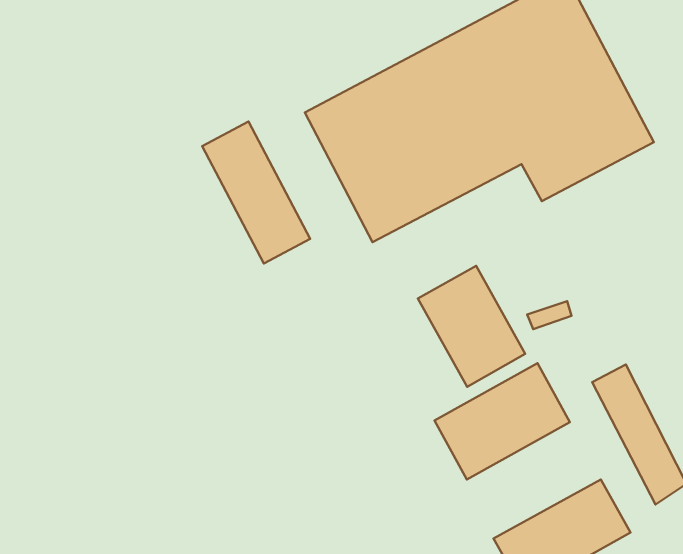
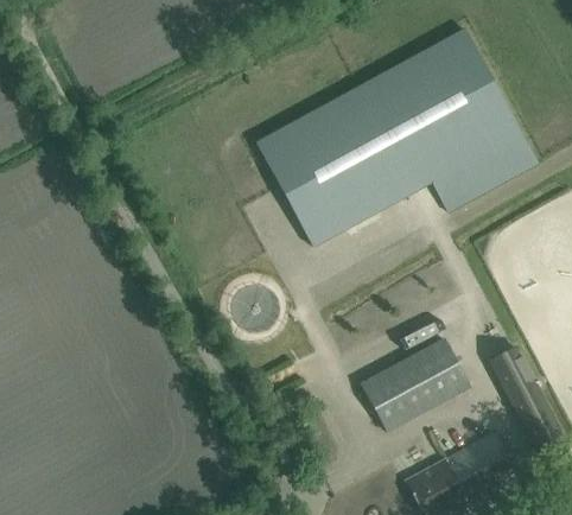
building: [202,122,310,263] -> none
building: [418,266,525,387] -> none

